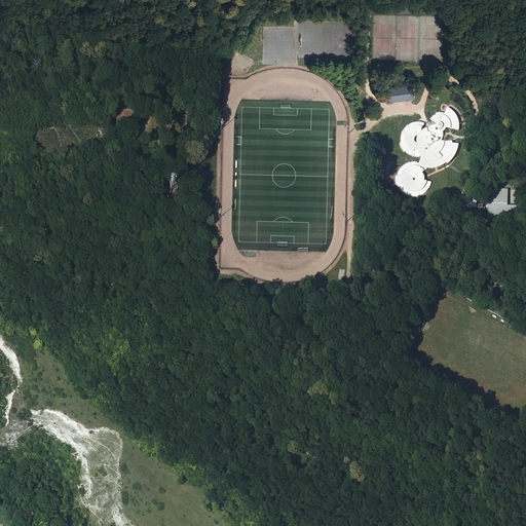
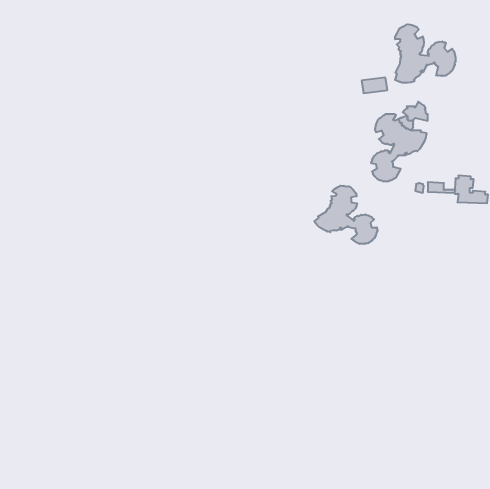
building: none -> [395,24,456,83]
building: none -> [314,186,377,244]

